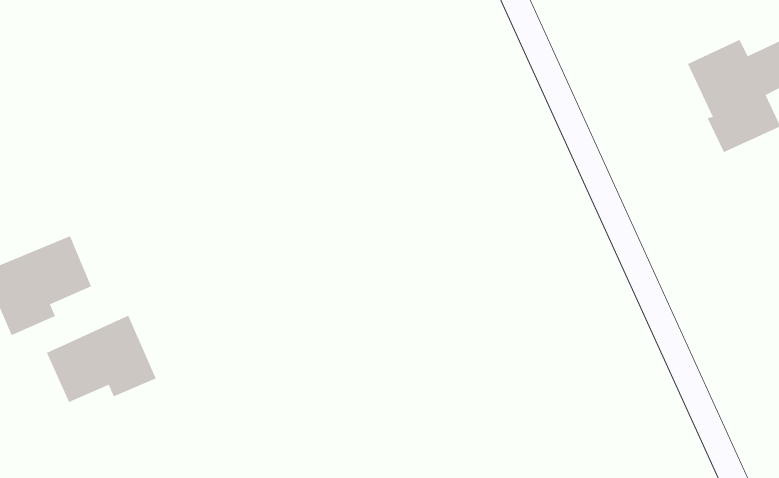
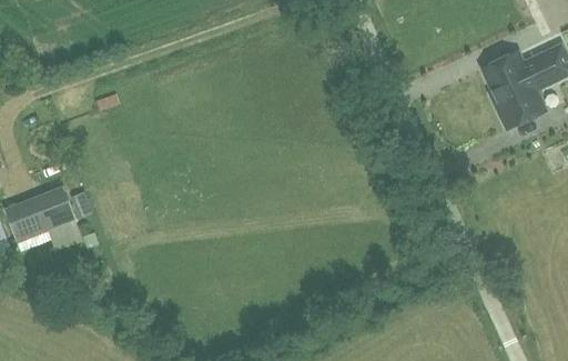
building: [46,315,156,403] -> none

